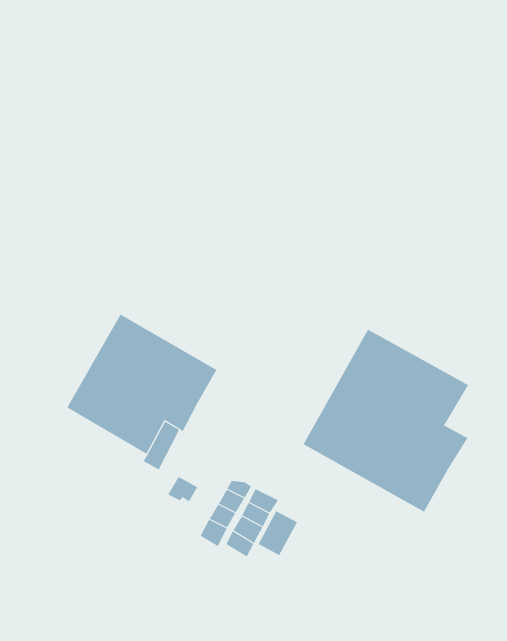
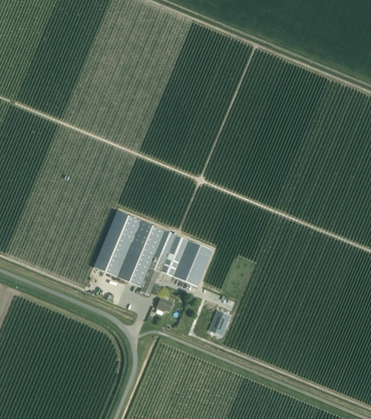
building: [303,329,469,513] -> none
building: none -> [166,235,212,287]

